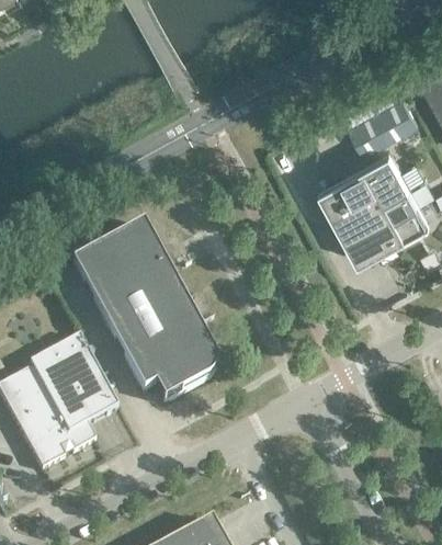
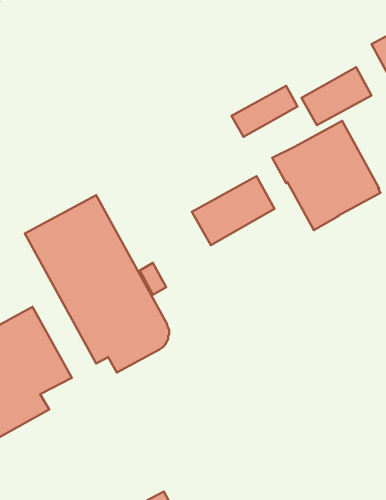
building: none -> [231,86,298,137]
building: none -> [192,176,274,245]

